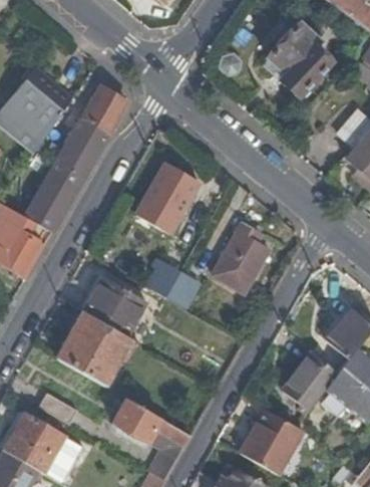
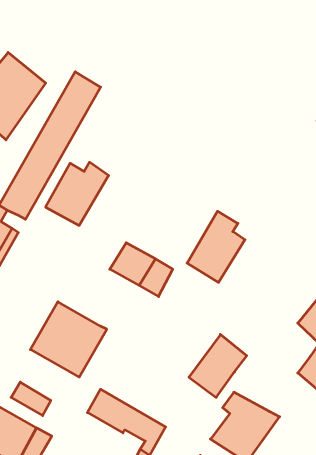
building: [266,23,329,96] -> none
building: [137,170,200,232] -> [46,162,109,225]
building: [84,278,145,336] -> none
building: [276,345,333,408] -> [189,334,247,397]

